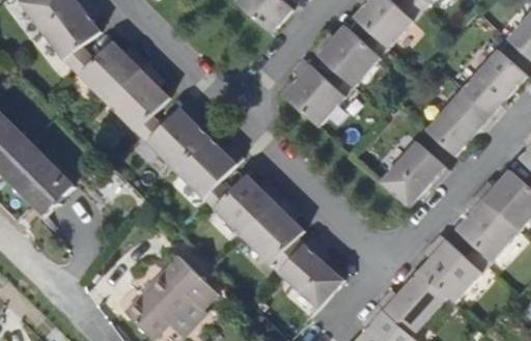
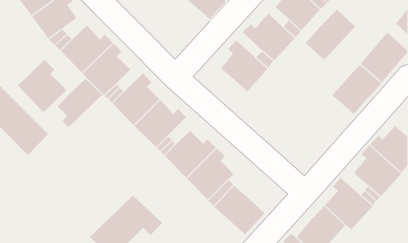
building: none -> [305,9,356,61]
building: none -> [17,59,67,113]
building: none -> [57,78,103,128]
building: [382,140,447,206] -> none

